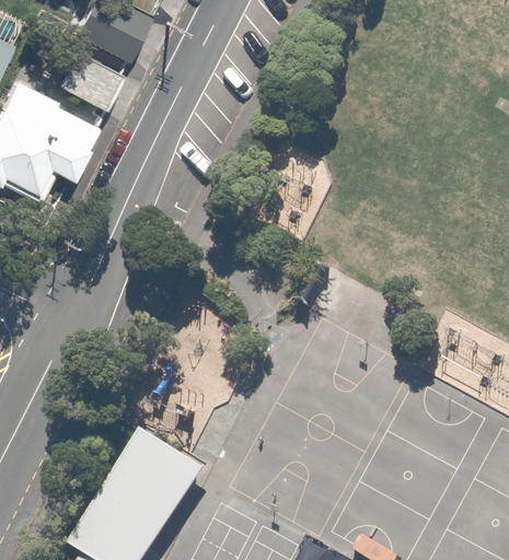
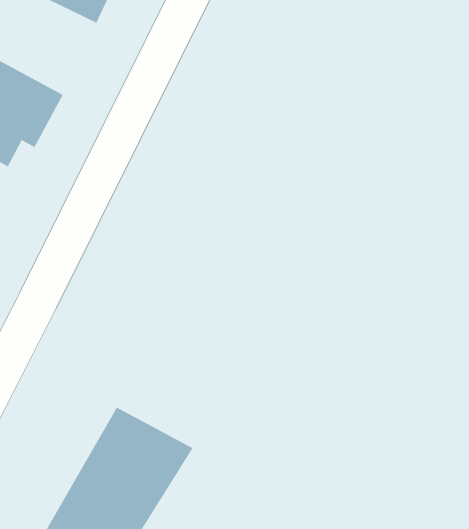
building: [61,50,119,110] -> none

